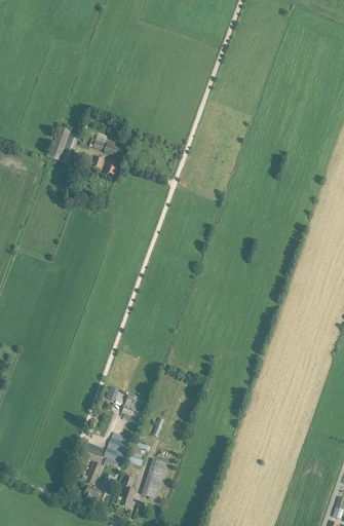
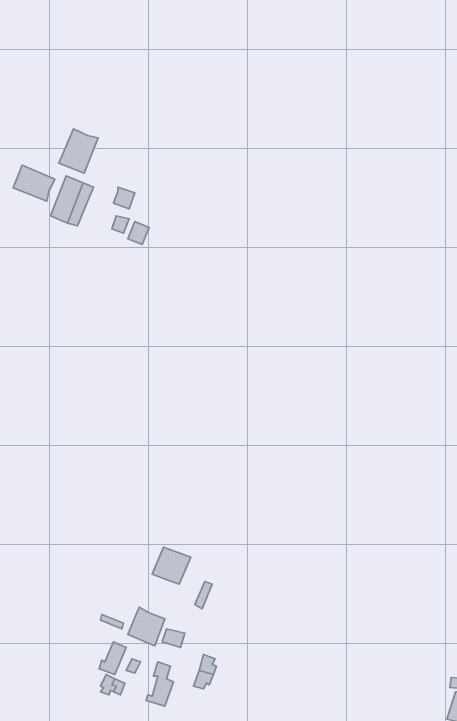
building: none -> [59,129,98,173]
building: none -> [13,165,55,201]

